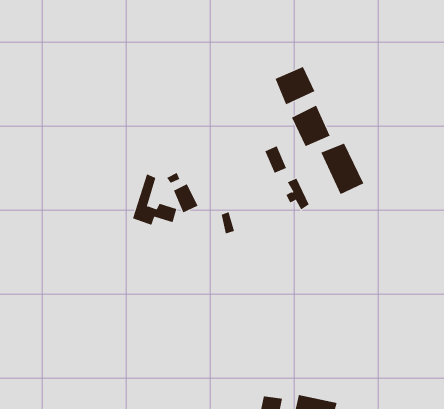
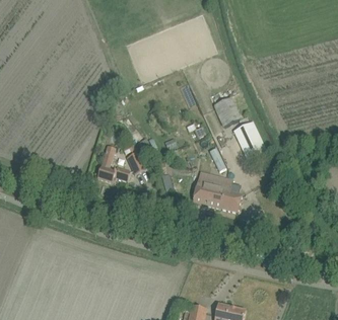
building: [275,66,315,105] -> none
building: none -> [193,176,242,211]

